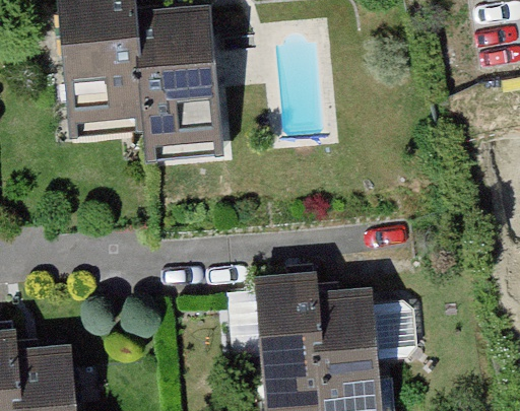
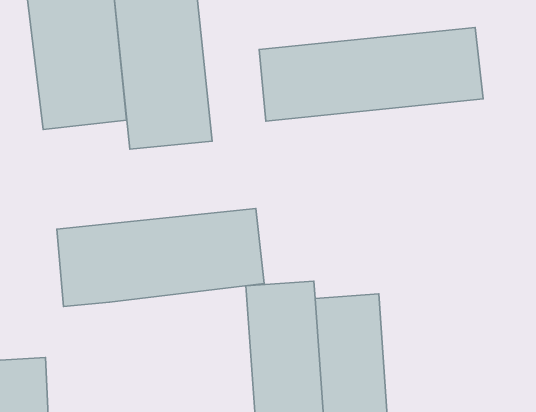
building: none -> [259,27,483,121]
building: none -> [57,209,264,307]

